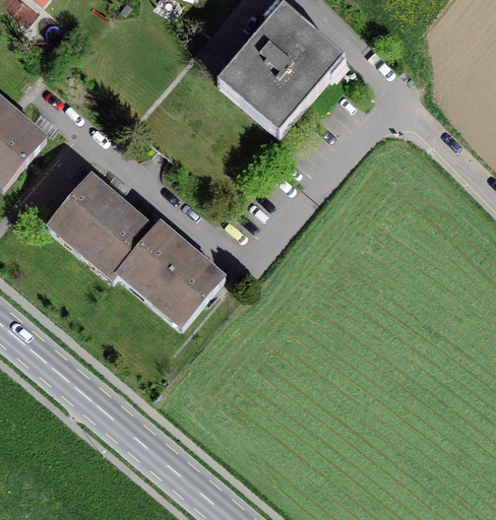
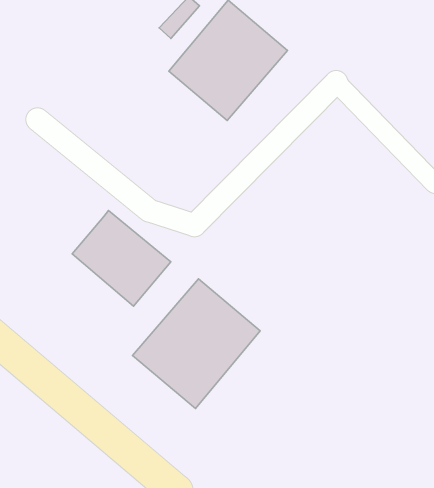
building: [51,173,152,271] -> none
building: none -> [133,279,260,408]

